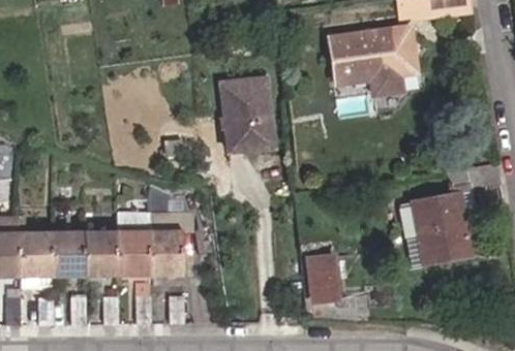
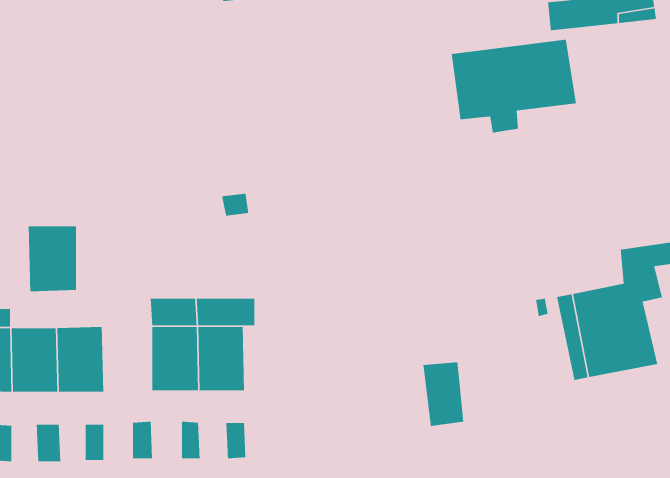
building: [220,77,274,152] -> none
building: [83,231,117,278] -> [28,225,77,292]

